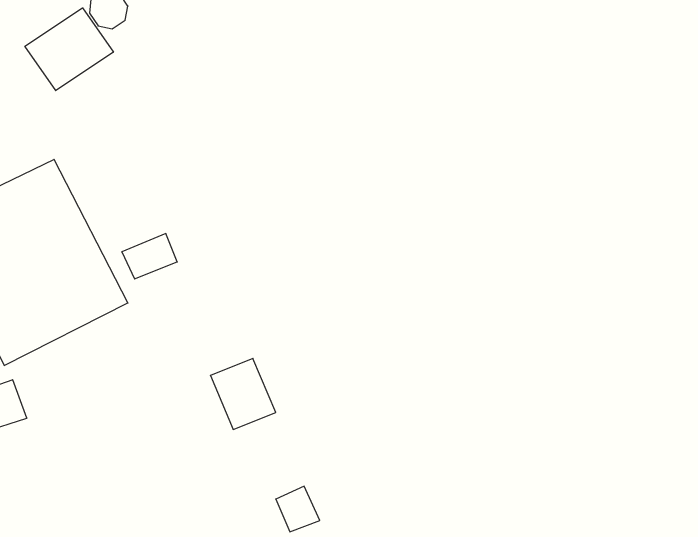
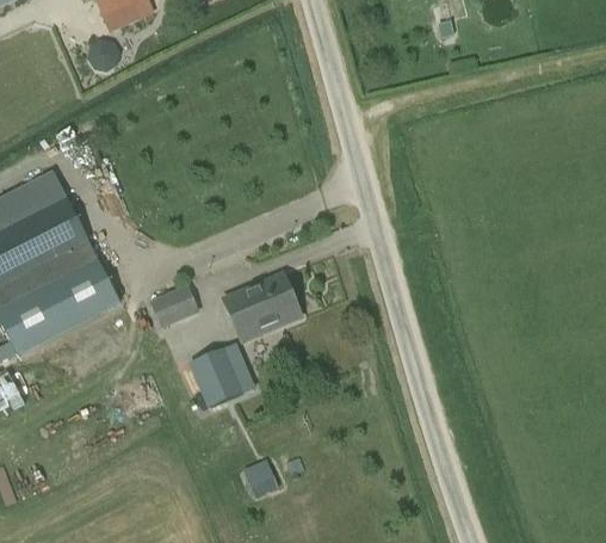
building: [25,8,113,91] -> none
building: [122,234,177,279] -> [150,286,197,325]
building: none -> [222,272,299,340]

